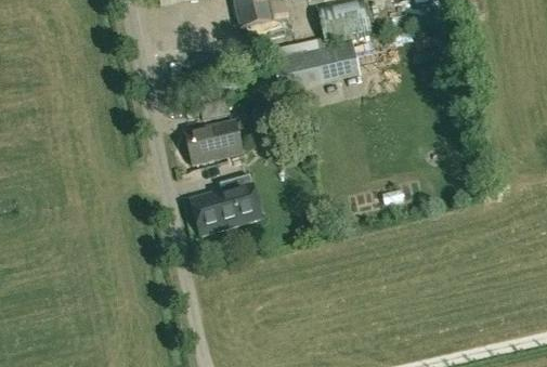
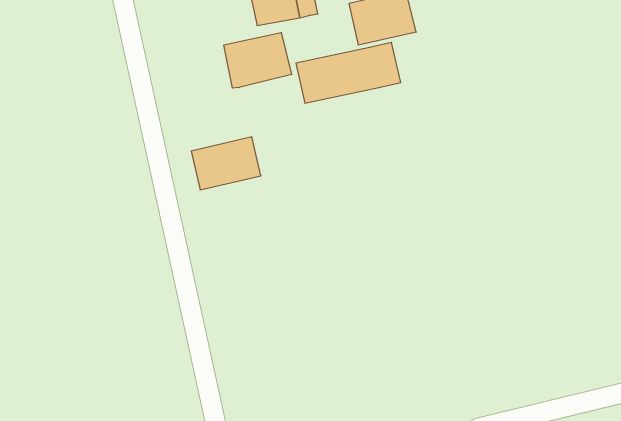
building: none -> [224,32,292,88]
building: [191,173,261,233] -> none

